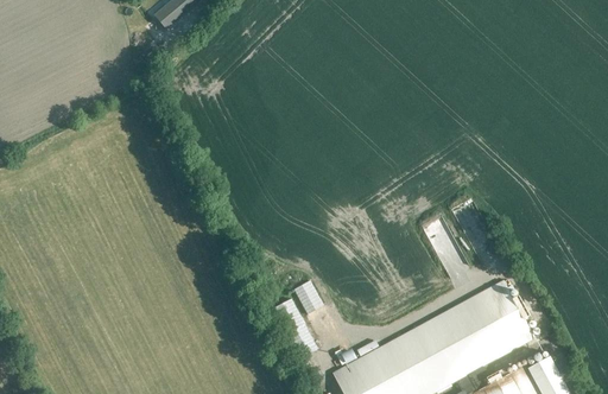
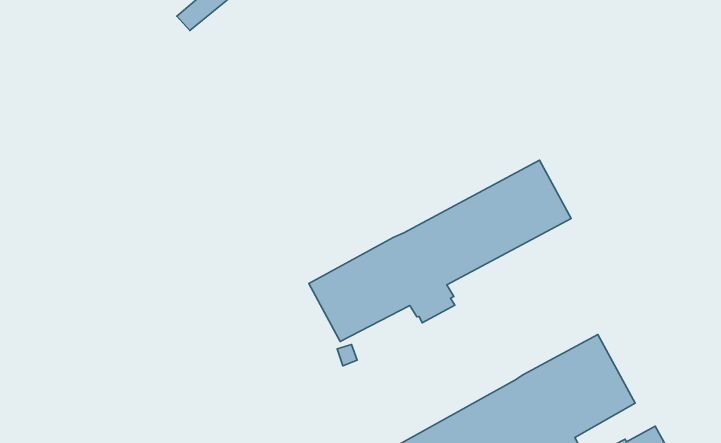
building: none -> [309,160,571,342]

